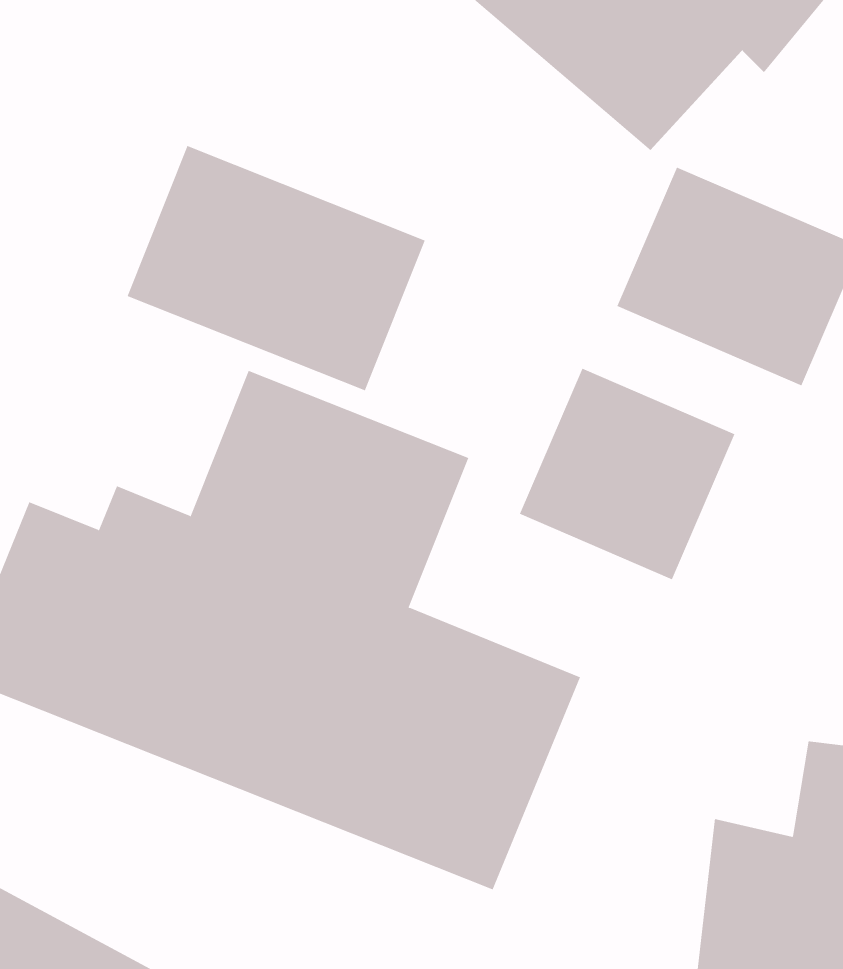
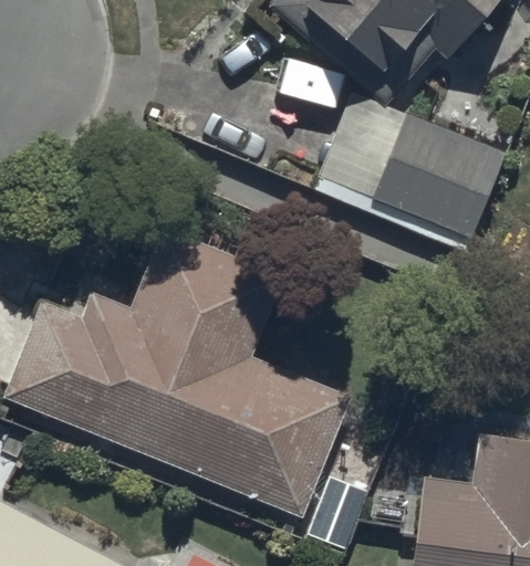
building: [127,145,426,391] -> none
building: [519,368,735,580] -> none

